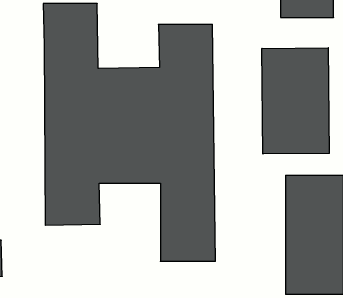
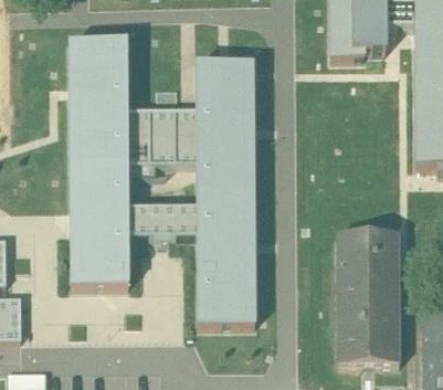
building: [262,48,329,154] -> none

